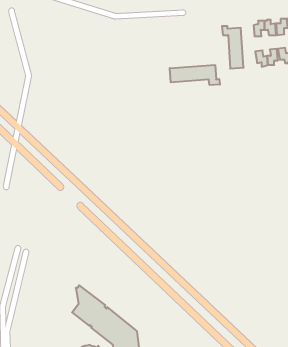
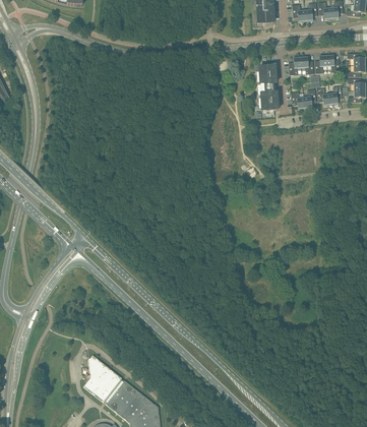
building: [170,65,220,85] -> none

